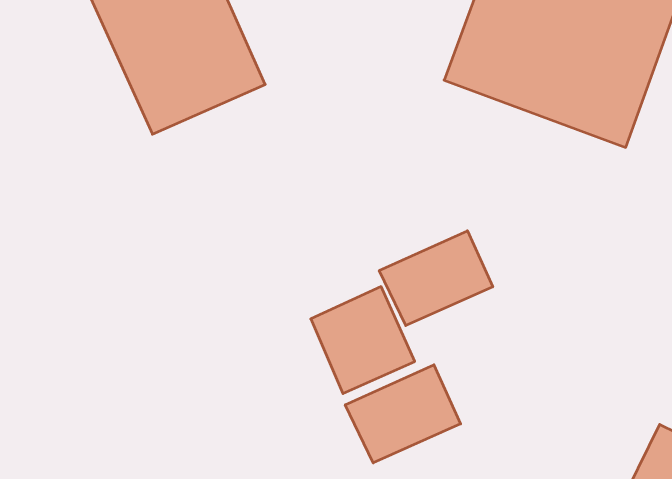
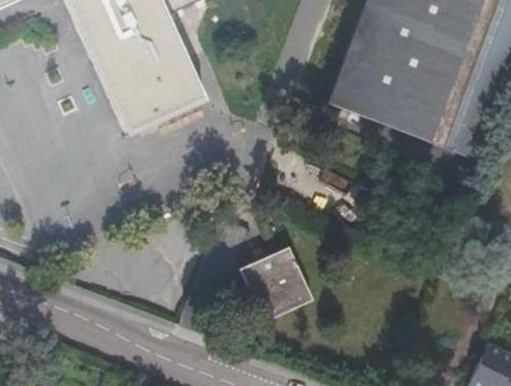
building: [379,231,493,326] -> none
building: [345,365,461,463] -> none

